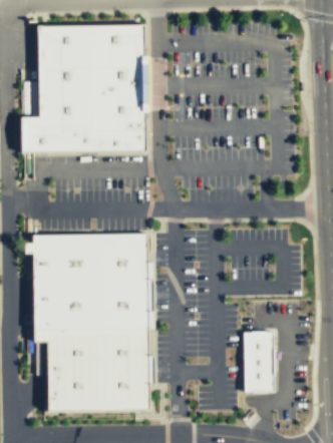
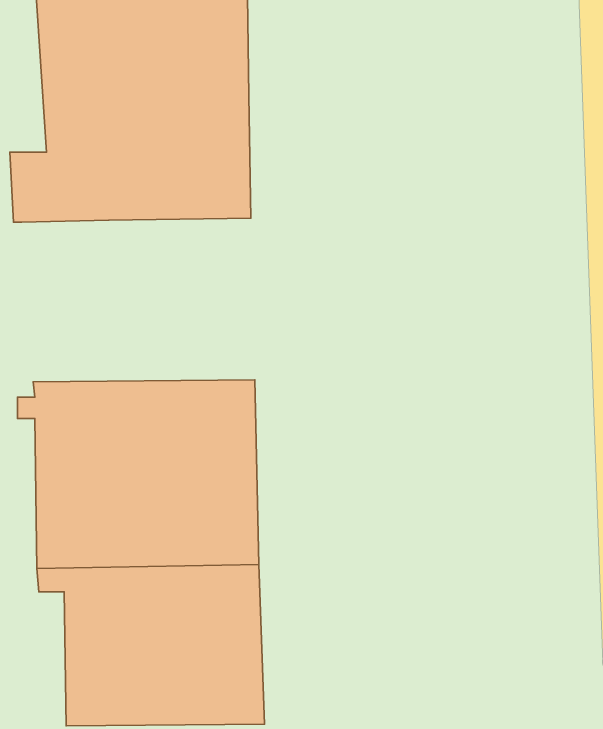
building: [244,333,274,393] -> none

